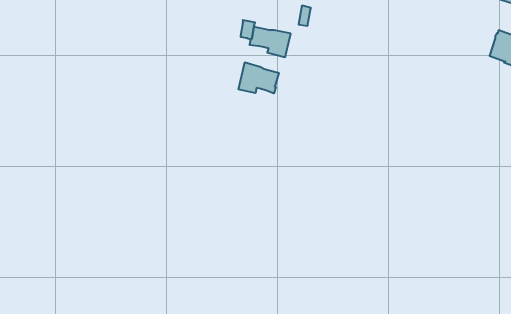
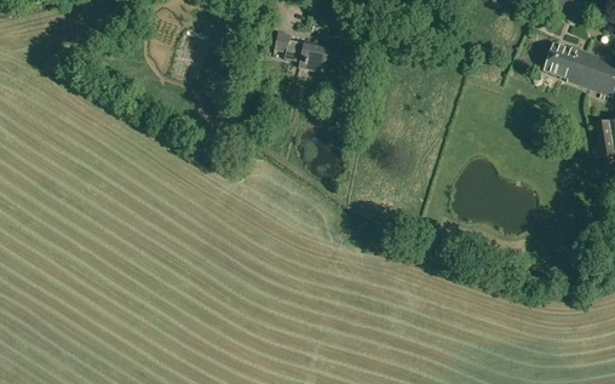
building: [239,62,279,93] -> none

